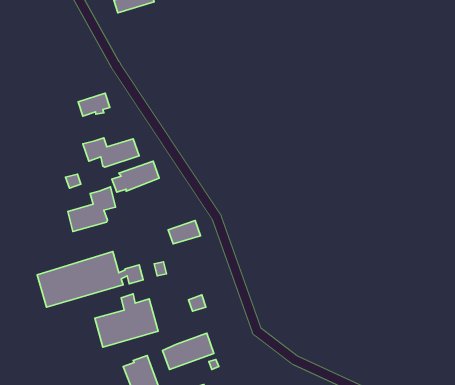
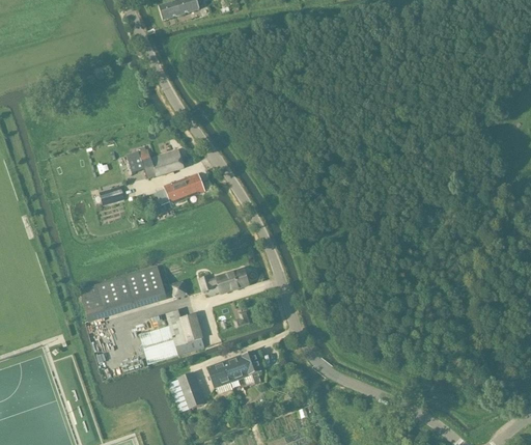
building: [78,93,110,116] -> none
building: [68,187,116,232] -> none
building: [168,221,200,244] -> [216,268,249,291]

